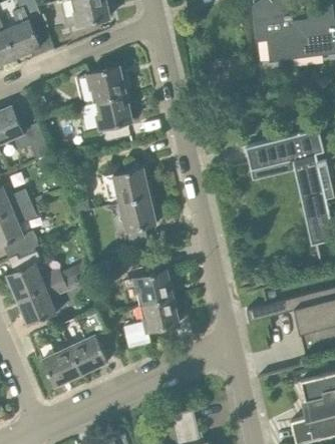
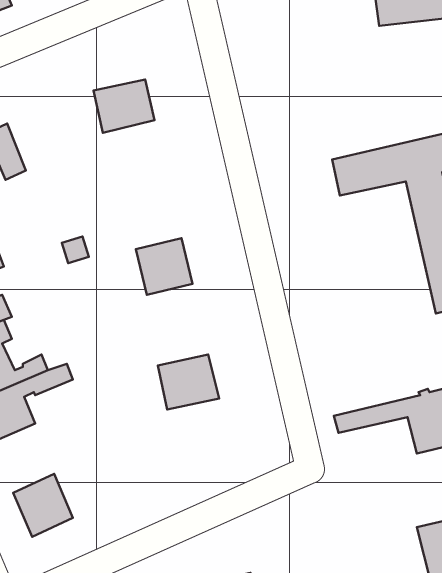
building: [86,66,125,102] -> none
building: [112,167,148,203] -> none
building: [123,299,179,349] -> none
building: [67,311,108,375] -> none

